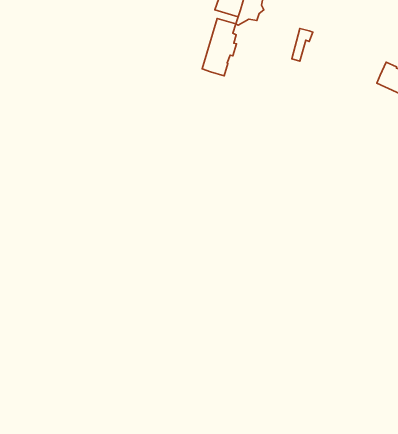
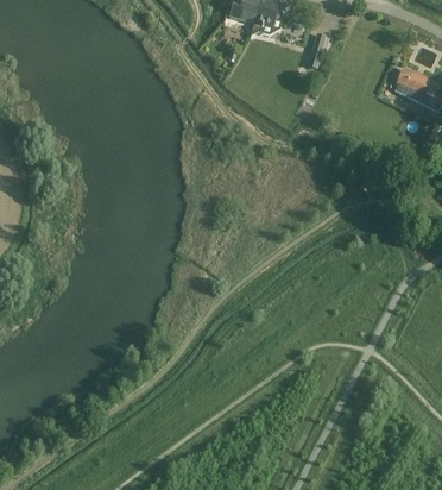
building: [202,18,237,76] -> none

